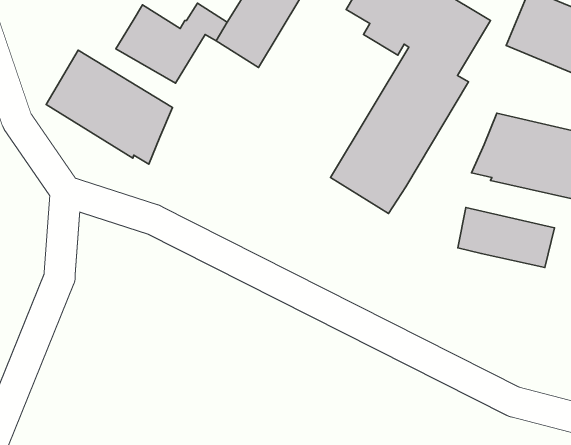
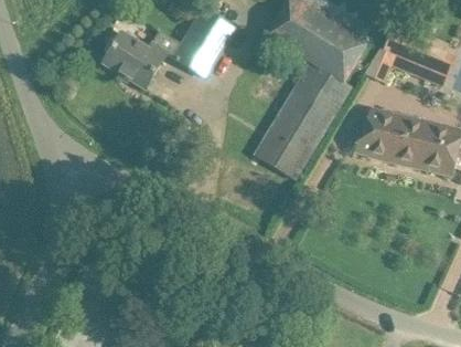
building: [46,50,173,164] -> none
building: [458,207,554,267] -> none

